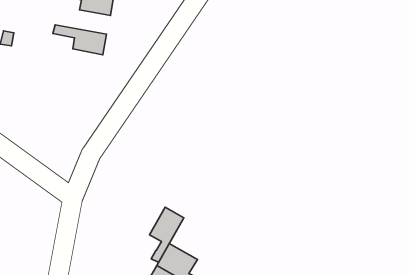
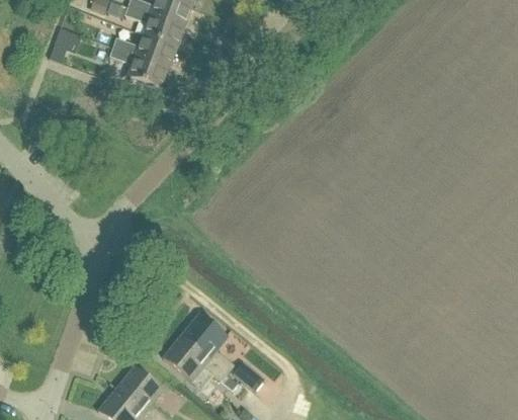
building: none -> [113,34,177,67]
building: [149,207,184,262] -> none

